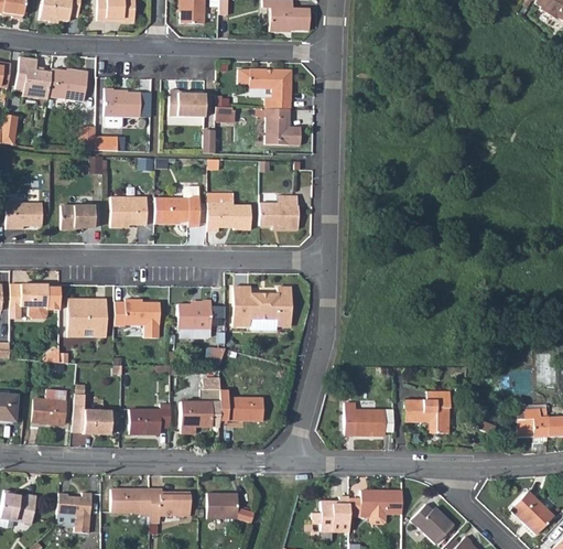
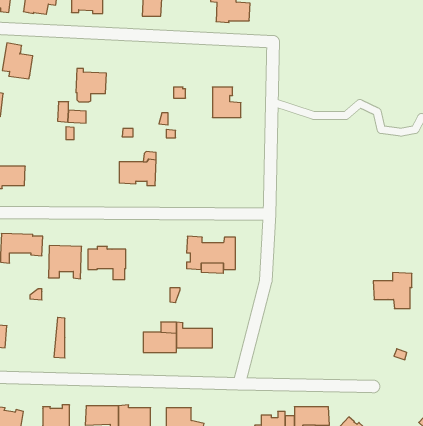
building: [46,67,86,100] -> none
building: [248,69,290,108] -> none
building: [166,89,203,117] -> none
building: [205,192,248,230] -> none
building: [258,195,296,228] -> none
building: [109,196,144,227] -> none
building: [59,205,94,229] -> none
building: [178,300,212,338] -> none
building: [33,388,69,423] -> none
building: [405,390,452,433] -> [373,273,412,309]
building: [346,402,396,435] -> none
building: [131,403,171,433] -> none
building: [88,408,115,432] -> none

